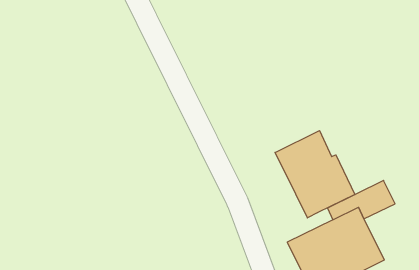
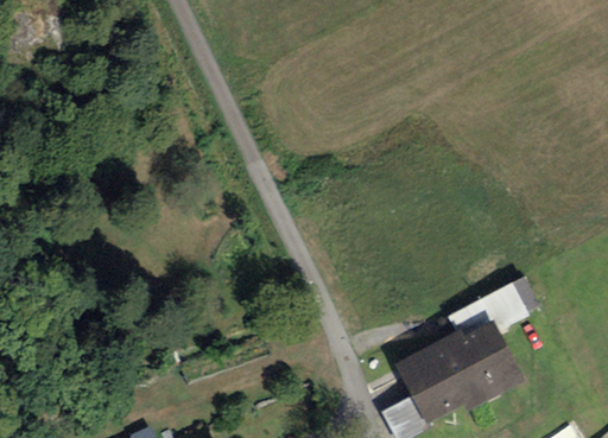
building: [275,131,355,218] -> none

